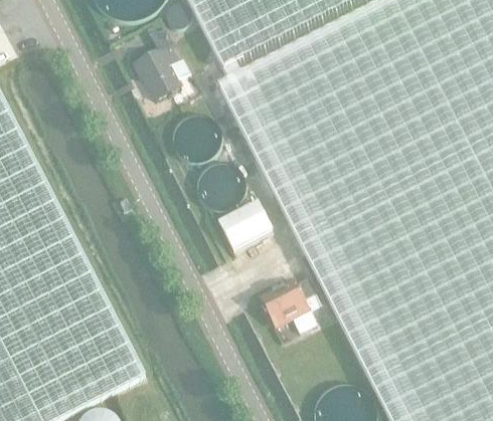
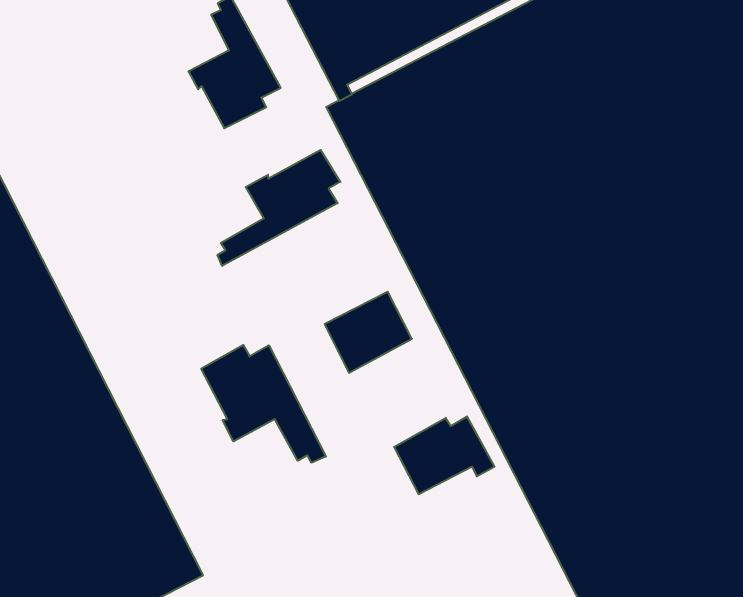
building: none -> [218,150,340,266]
building: none -> [201,345,326,463]

